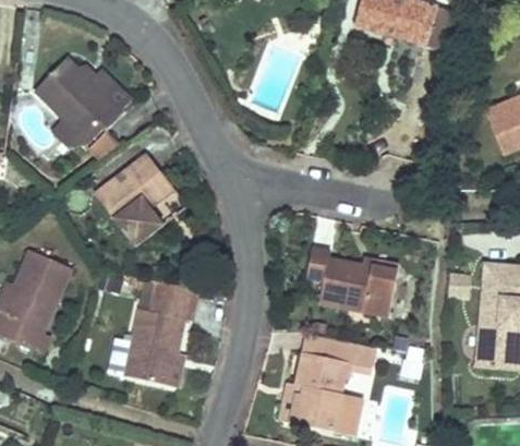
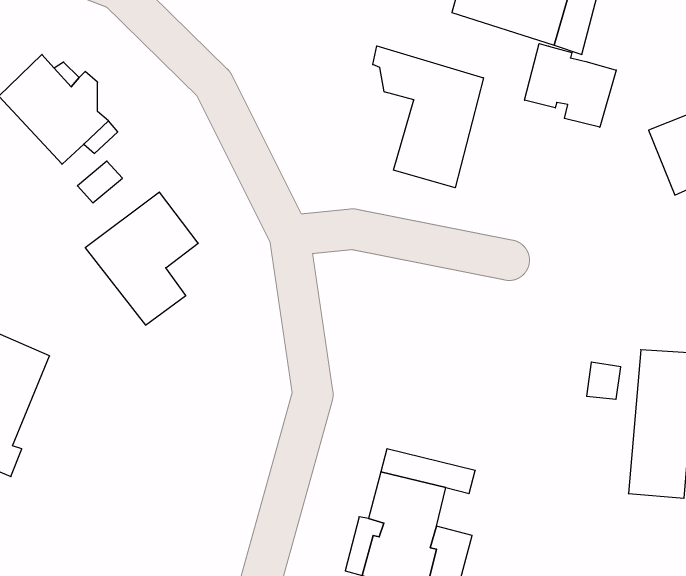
building: none -> [525,44,616,127]
building: none -> [373,46,483,188]
building: [298,245,392,323] -> none
building: [108,281,197,388] -> none

